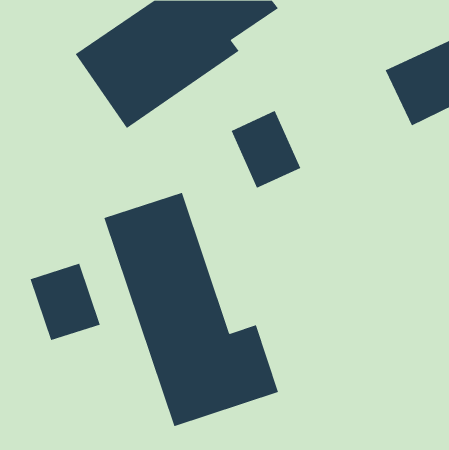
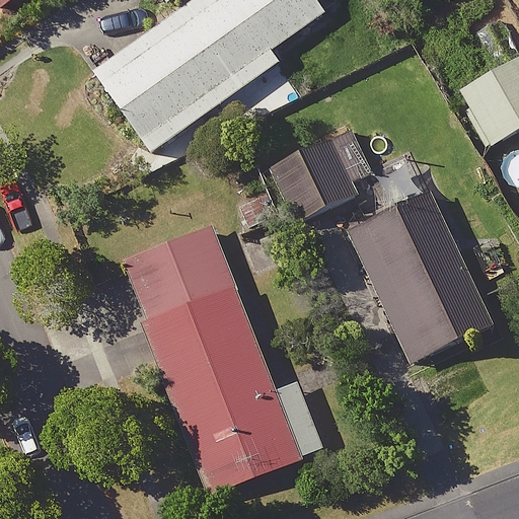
building: none -> [346,184,492,364]
building: [30,263,100,341] -> none

